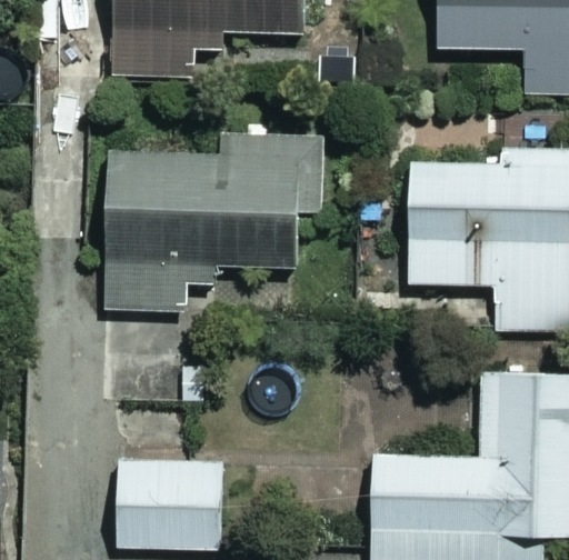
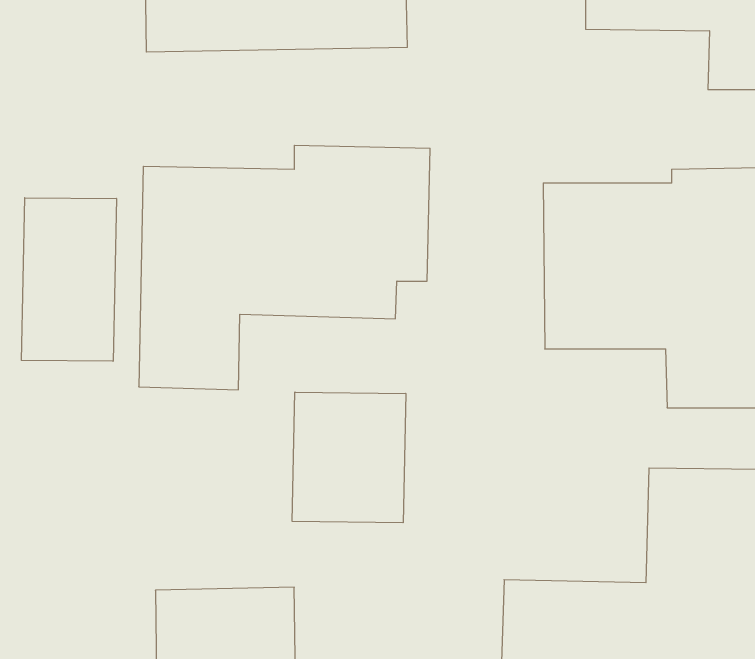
building: none -> [21,198,116,361]
building: none -> [292,392,406,523]

